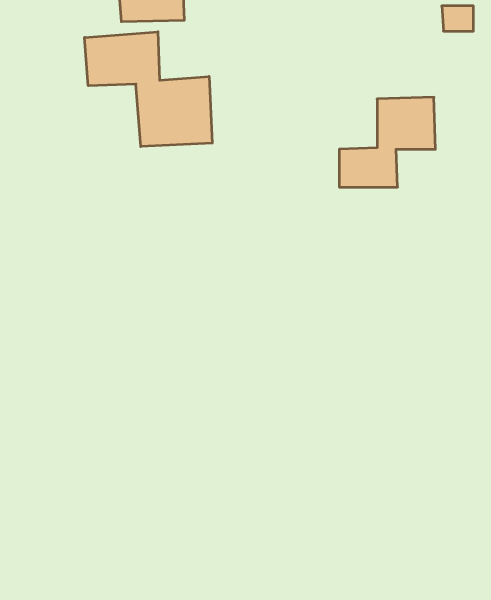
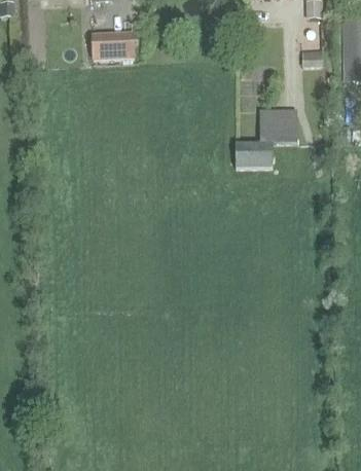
building: [85,32,212,147] -> none

